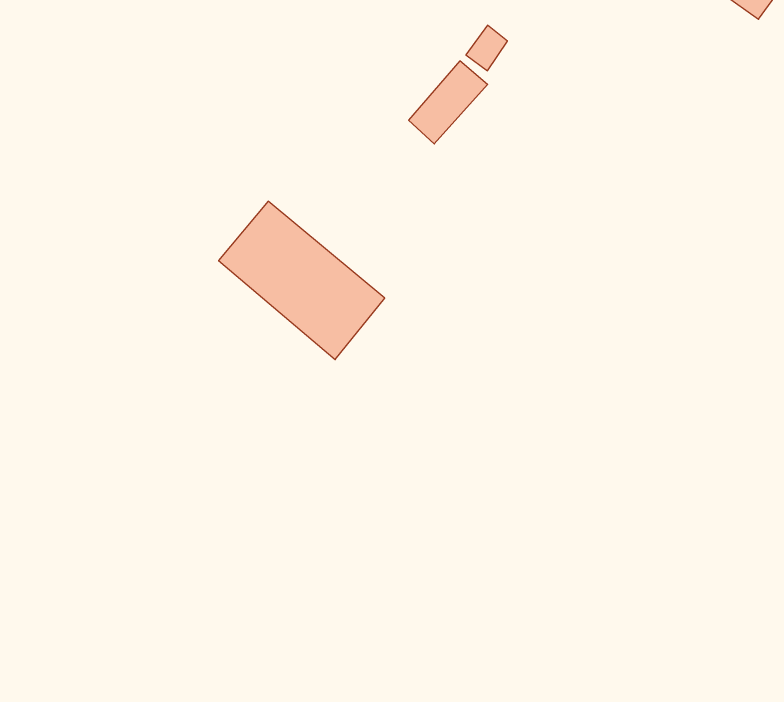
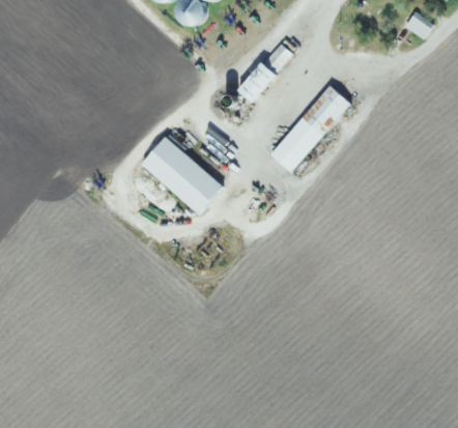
building: none -> [271,82,350,172]

